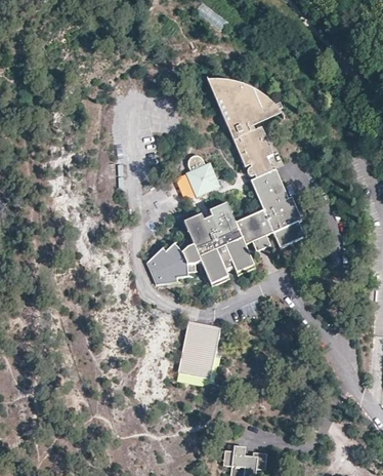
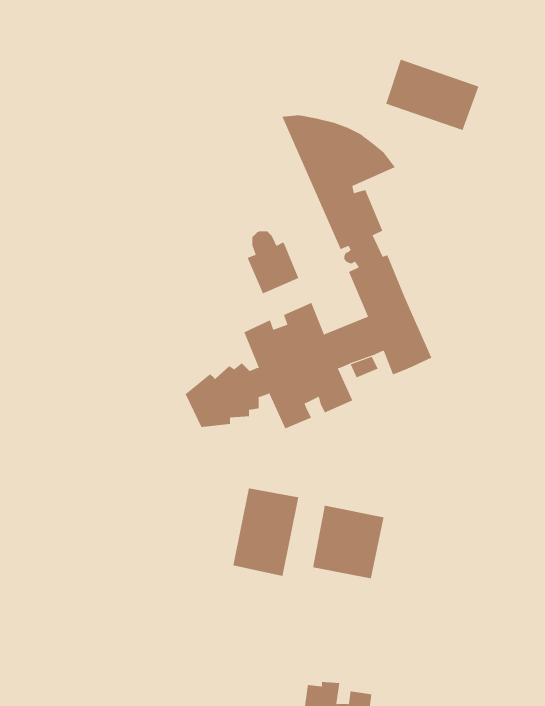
building: none -> [386,59,479,131]
building: none -> [312,505,384,579]

